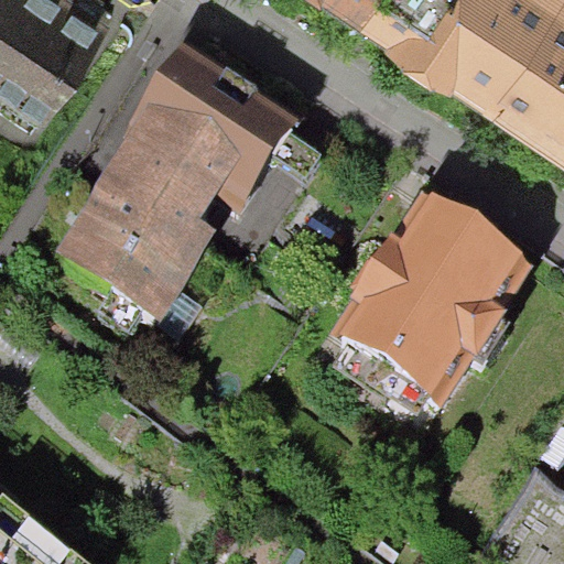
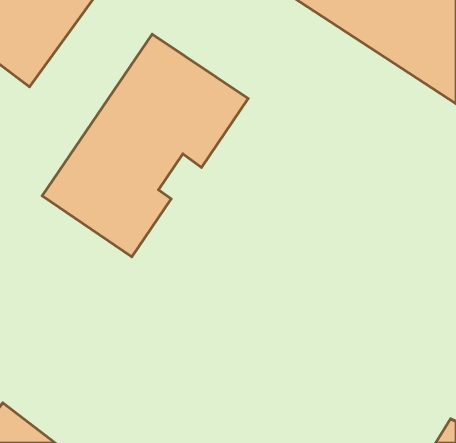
building: [330,206,522,409] -> none

